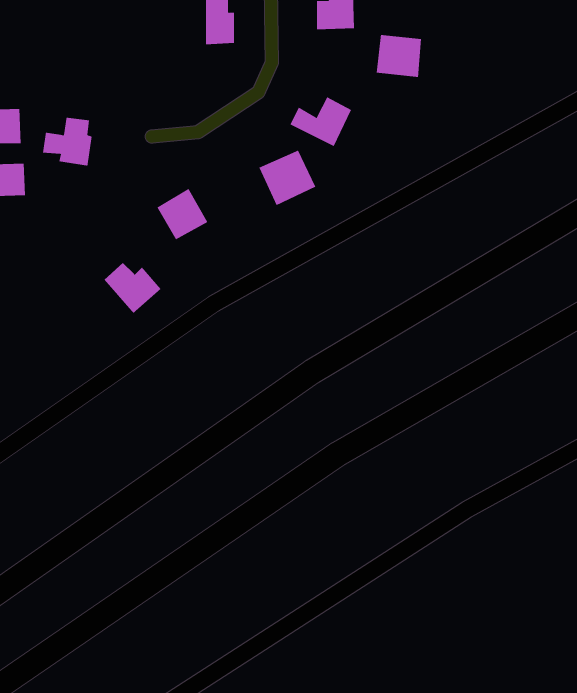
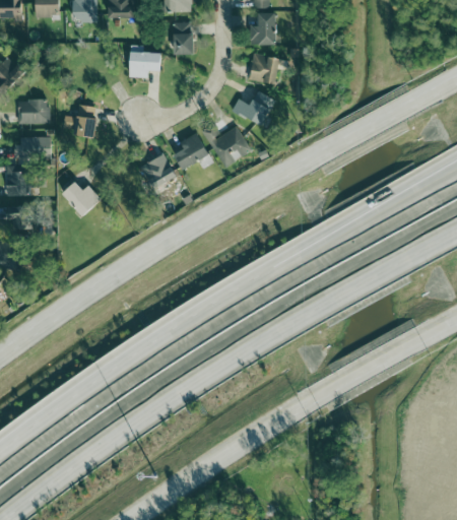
building: none -> [129,45,161,78]
building: [376,35,422,77] -> [248,54,279,83]
building: none -> [175,133,212,170]
building: [104,262,161,314] -> [62,182,102,217]

